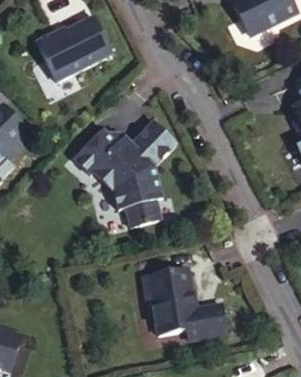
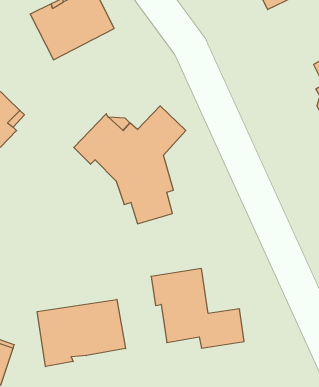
building: none -> [37,299,126,367]

